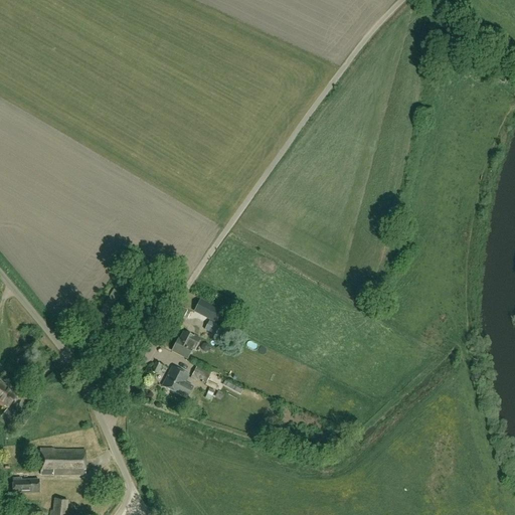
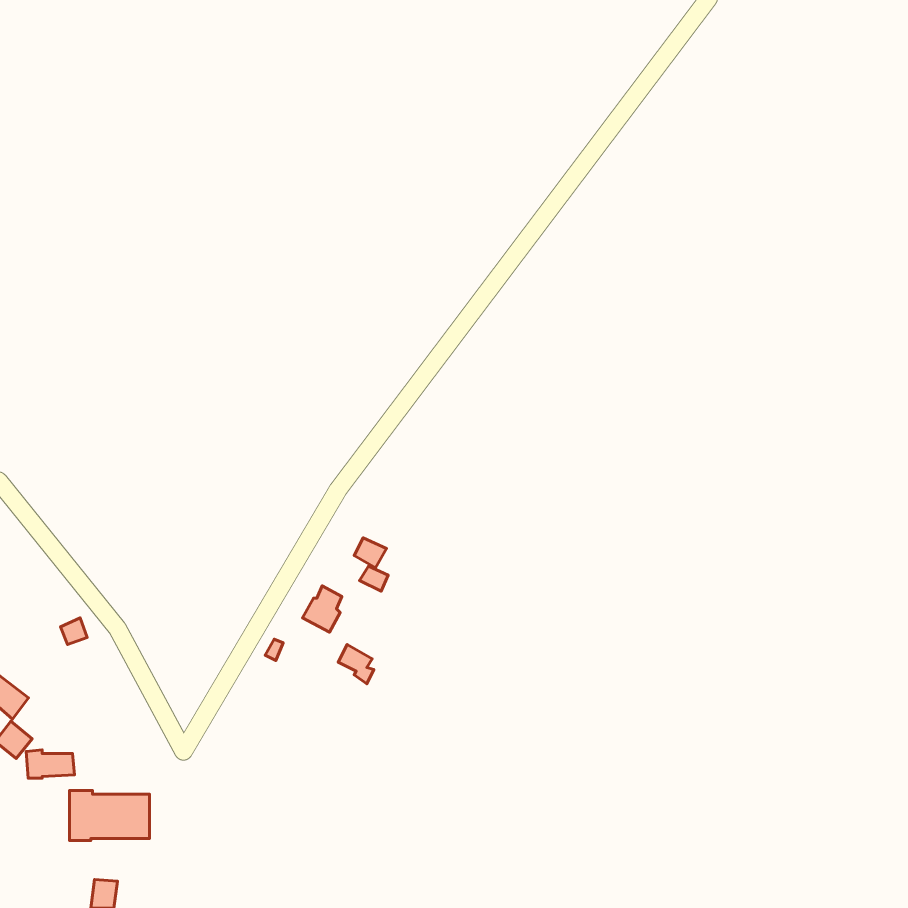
building: [161,365,191,396] -> none
building: [11,477,38,493] -> [26,750,74,778]

